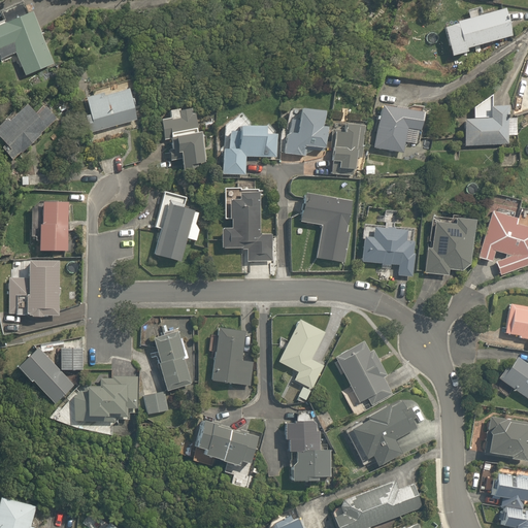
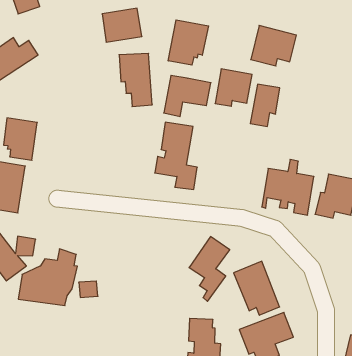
building: none -> [168,20,209,65]
building: [85,88,137,134] -> [102,8,142,42]
building: [372,104,425,152] -> [251,25,296,66]
building: [140,189,201,262] -> none
building: [300,193,351,263] -> none
building: [212,328,254,385] -> none
building: [153,333,192,392] -> none
building: [195,420,258,466] -> none

